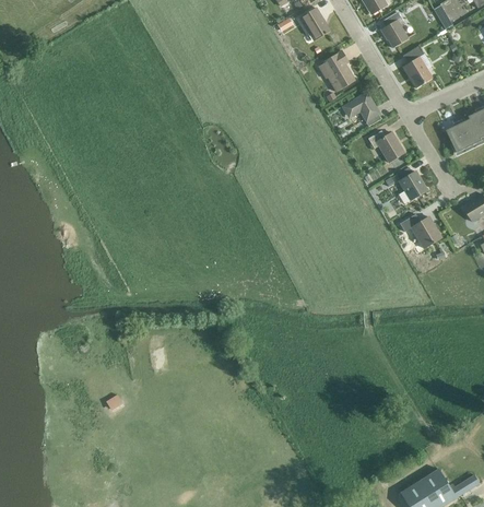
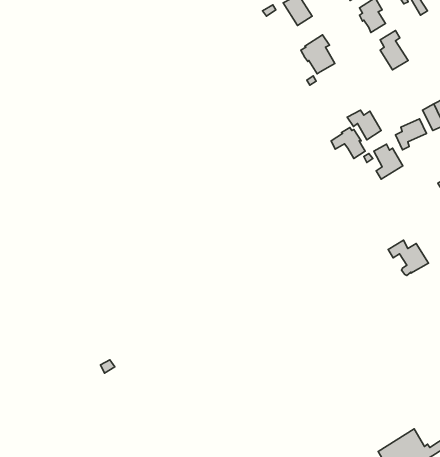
building: [345,93,381,126] -> [331,127,365,158]
building: none -> [396,119,427,150]
building: [400,213,442,250] -> [388,240,428,275]

